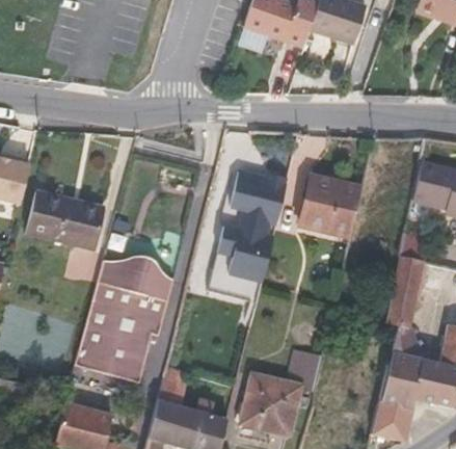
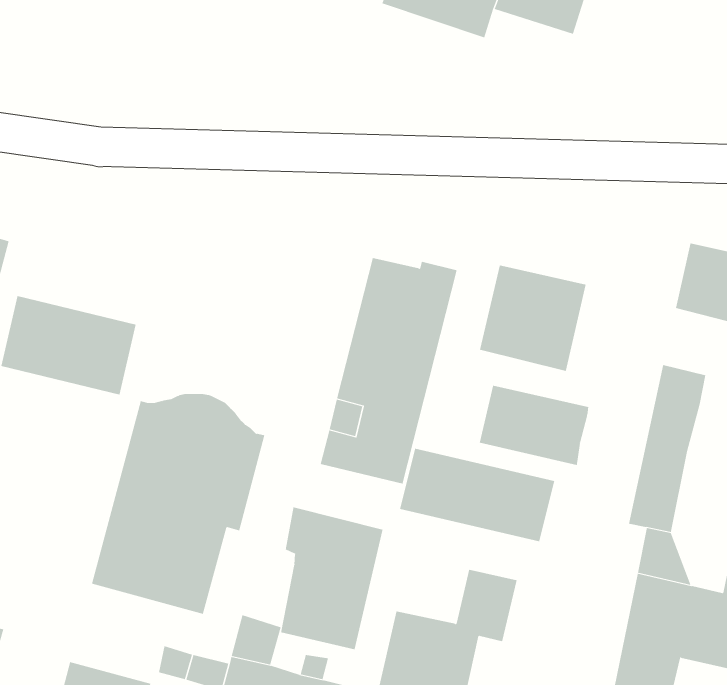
building: none -> [479,385,589,466]
building: none -> [400,448,555,542]
building: none -> [281,506,383,650]

